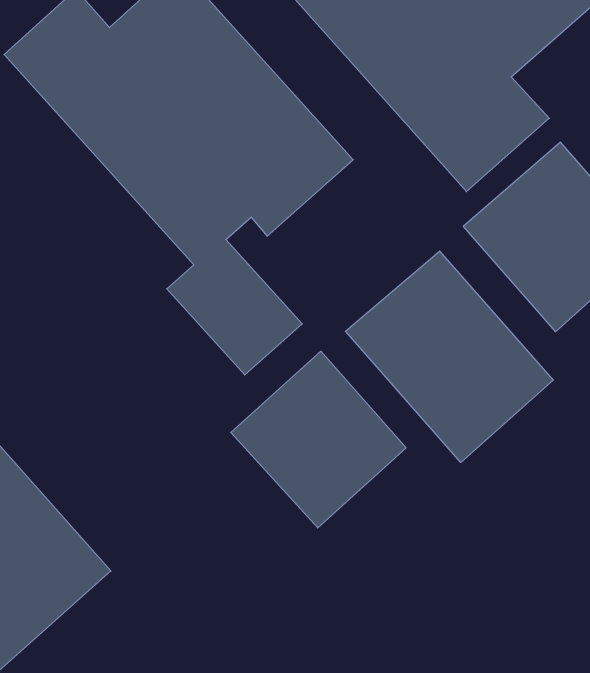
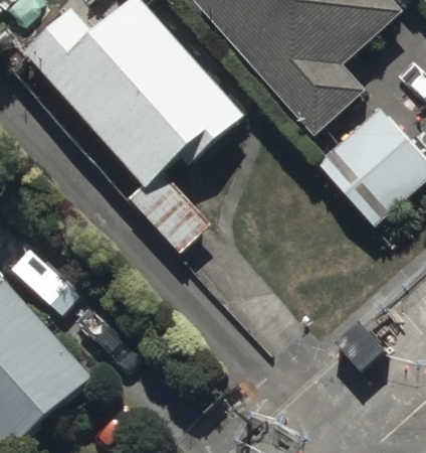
building: [345,251,553,462] -> none
building: [231,351,406,528] -> none

